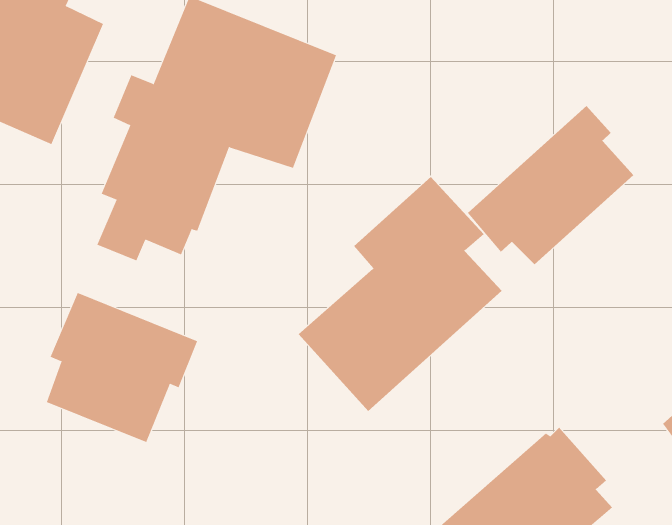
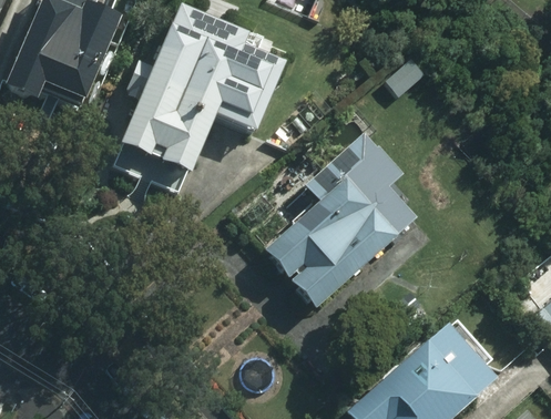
building: [467,105,634,265] -> none
building: [46,292,198,443] -> none

